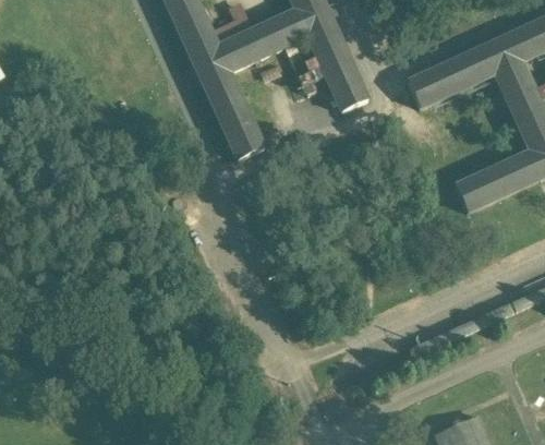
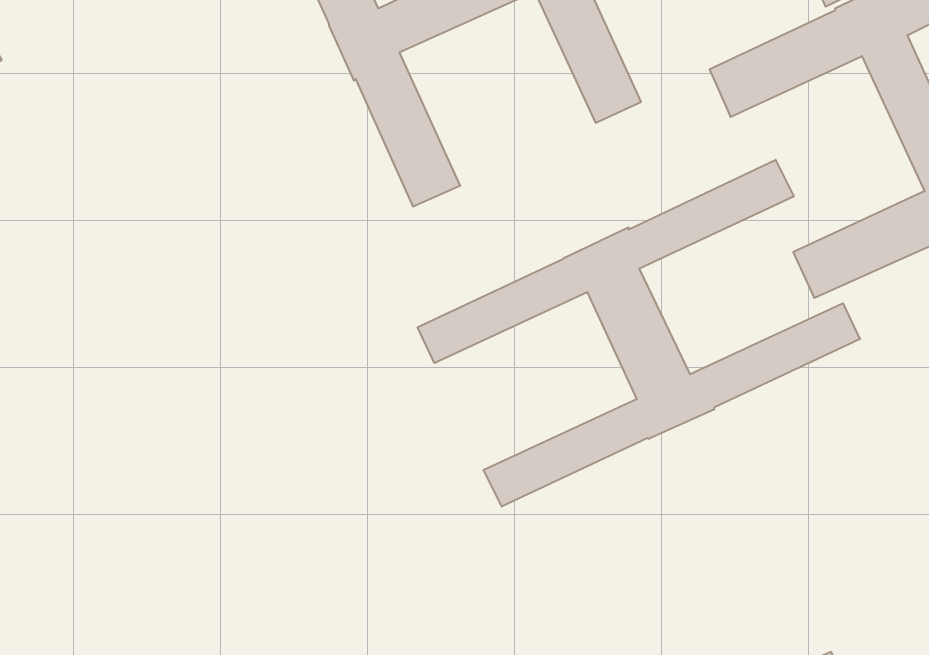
building: none -> [418,160,860,507]

